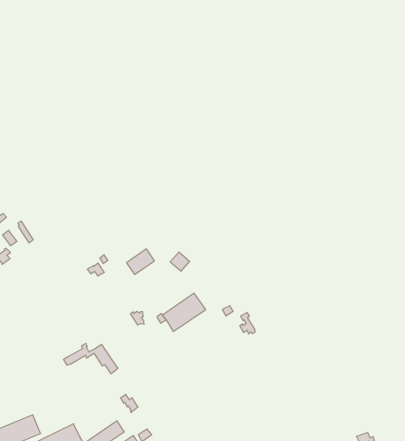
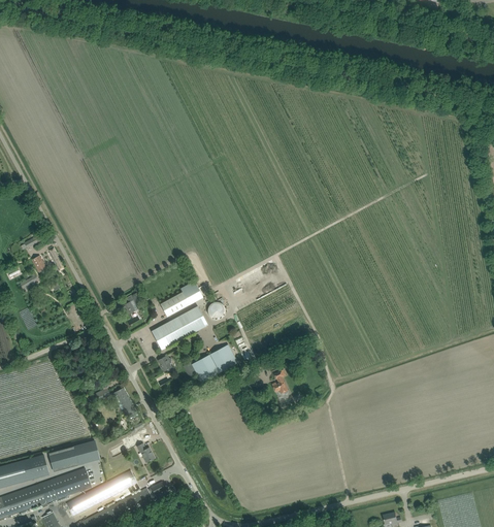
building: none -> [152,305,208,350]
building: none -> [47,439,98,470]

